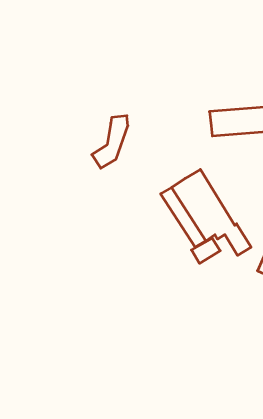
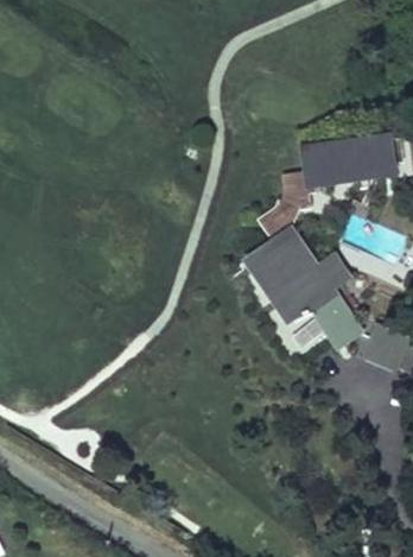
building: [92,116,128,168] -> [260,167,307,236]

